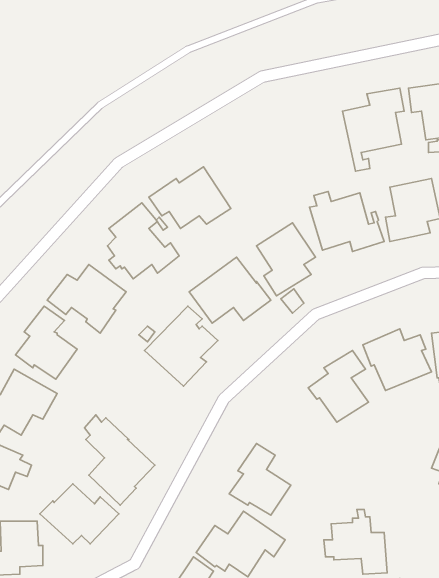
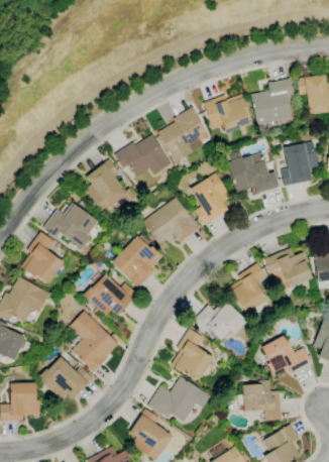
building: none -> [203,94,251,140]
building: none -> [157,107,203,162]
building: none -> [83,273,137,317]
building: none -> [192,300,247,341]
building: none -> [261,335,311,377]

